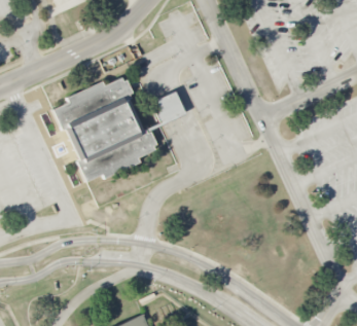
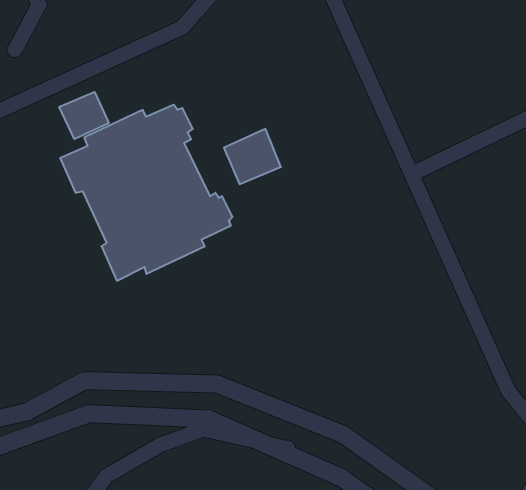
building: none -> [59,92,109,139]

